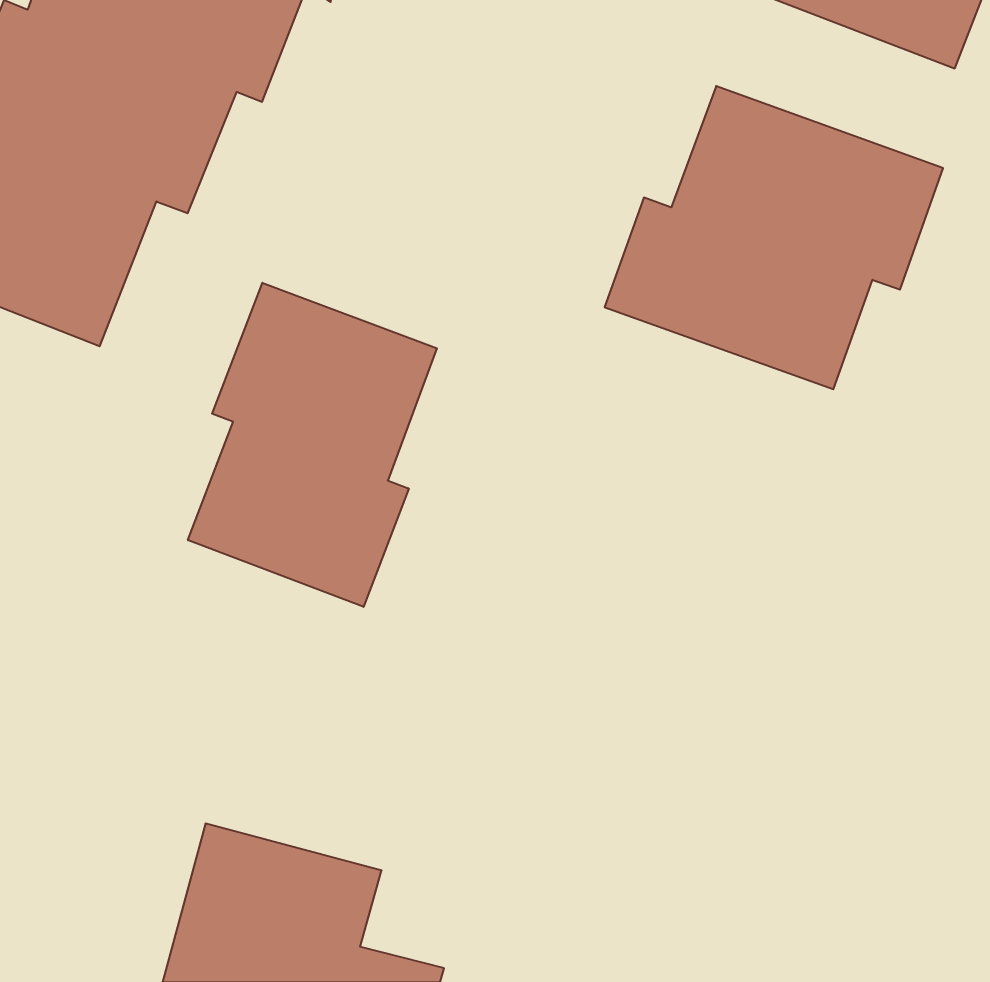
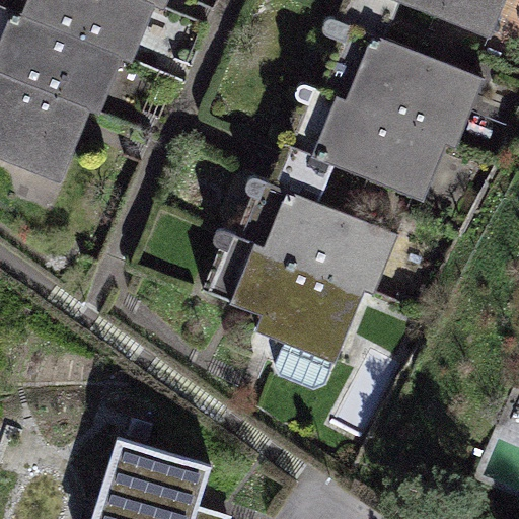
building: [188,283,437,607] -> none
building: none -> [218,195,403,355]

